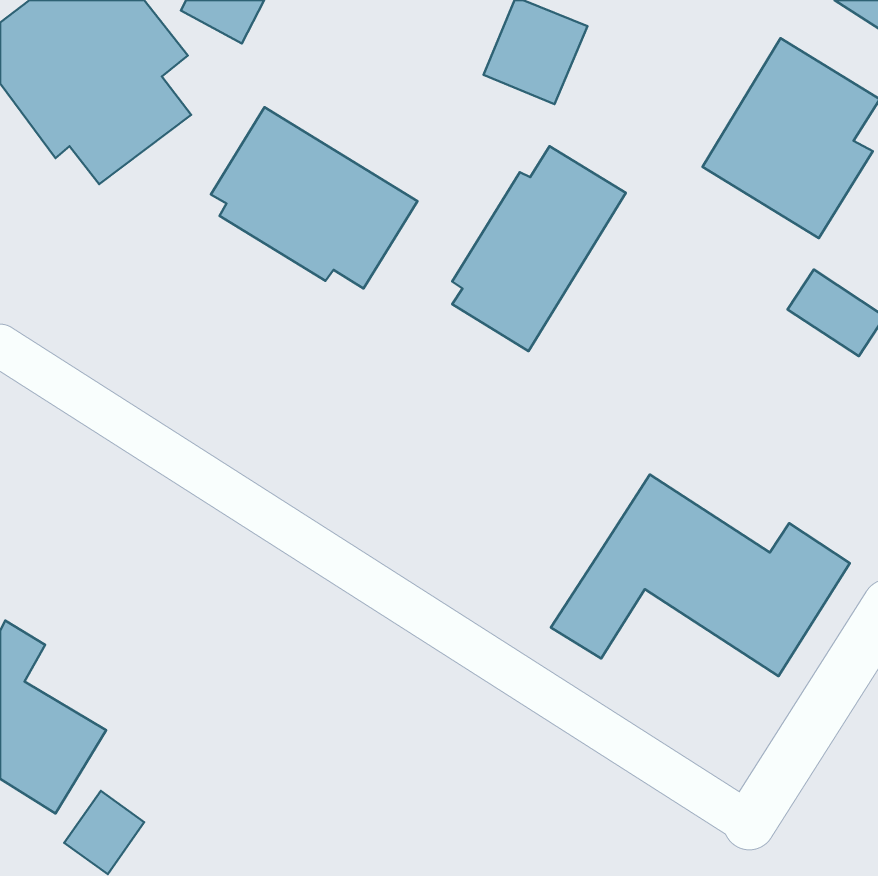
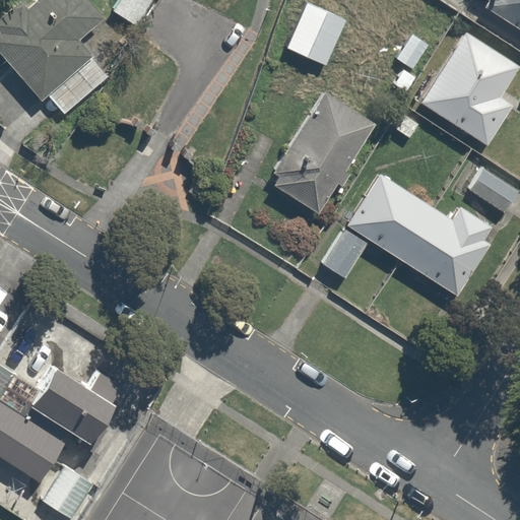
building: [211,107,417,289] -> none
building: [551,474,850,676] -> [321,174,496,291]
building: none -> [20,358,106,440]

